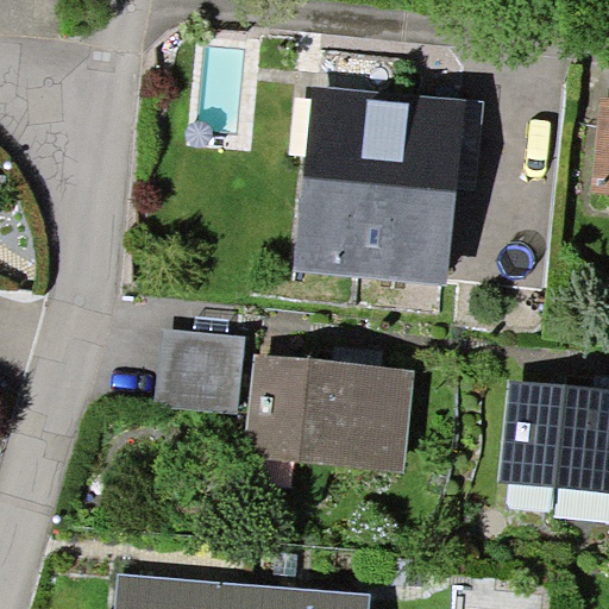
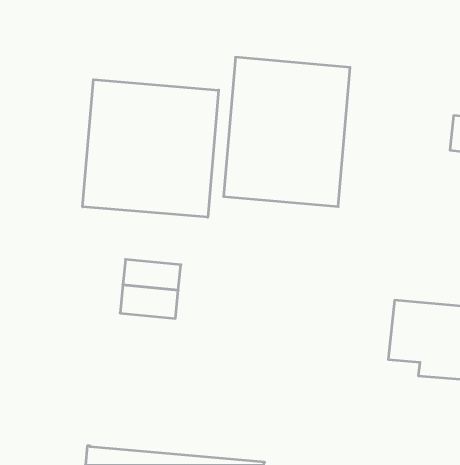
building: none -> [83,80,219,217]
building: [257,366,403,475] -> none

